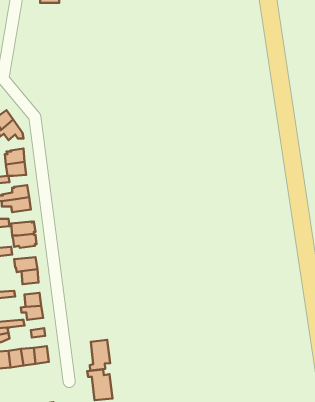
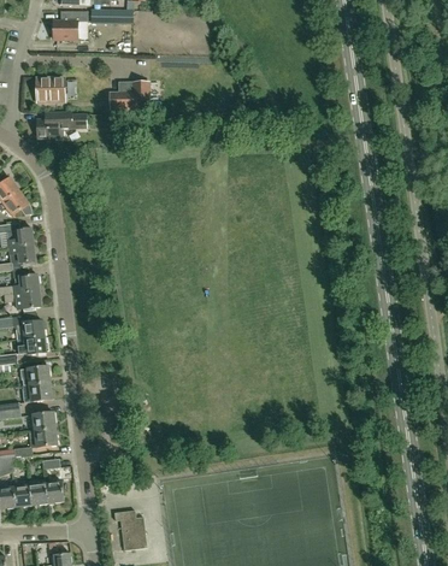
building: none -> [37,76,65,102]
building: none -> [111,81,151,108]
building: none -> [37,111,87,138]
building: [90,340,110,371] -> none

